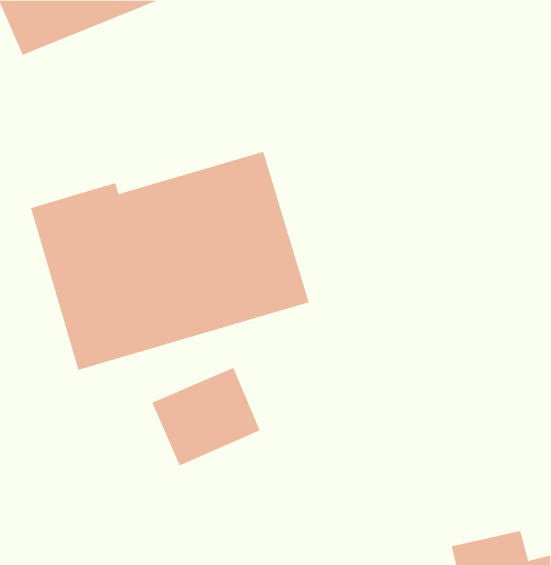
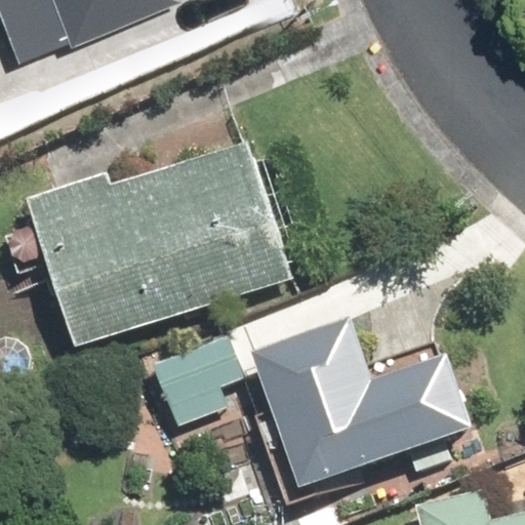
building: none -> [254,315,472,485]

